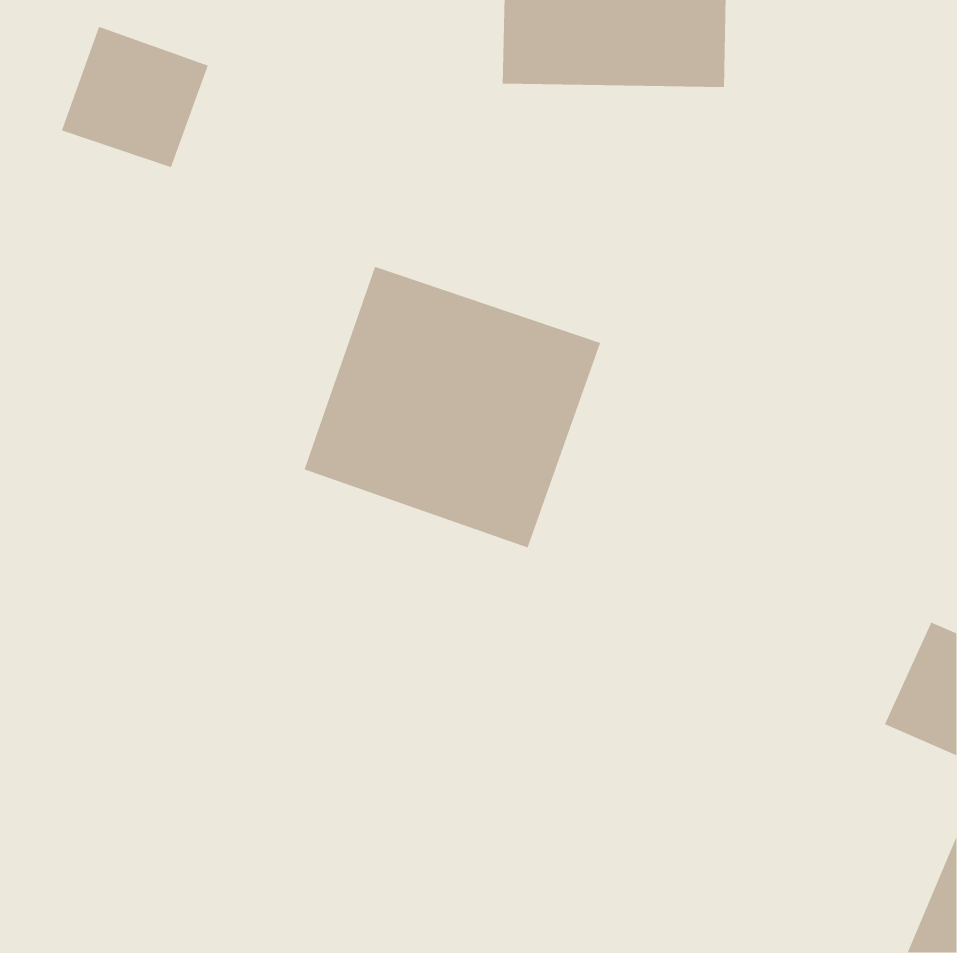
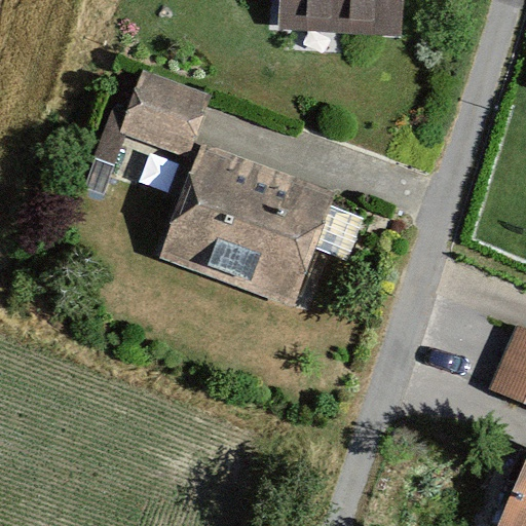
building: [61,26,209,168] -> [125,71,206,149]

